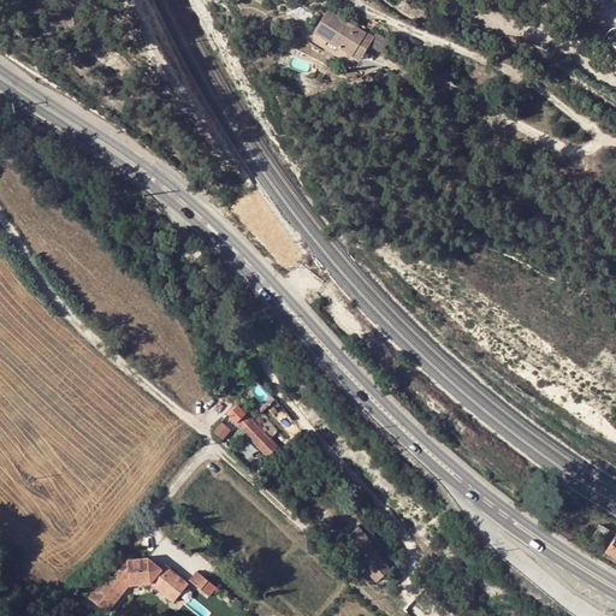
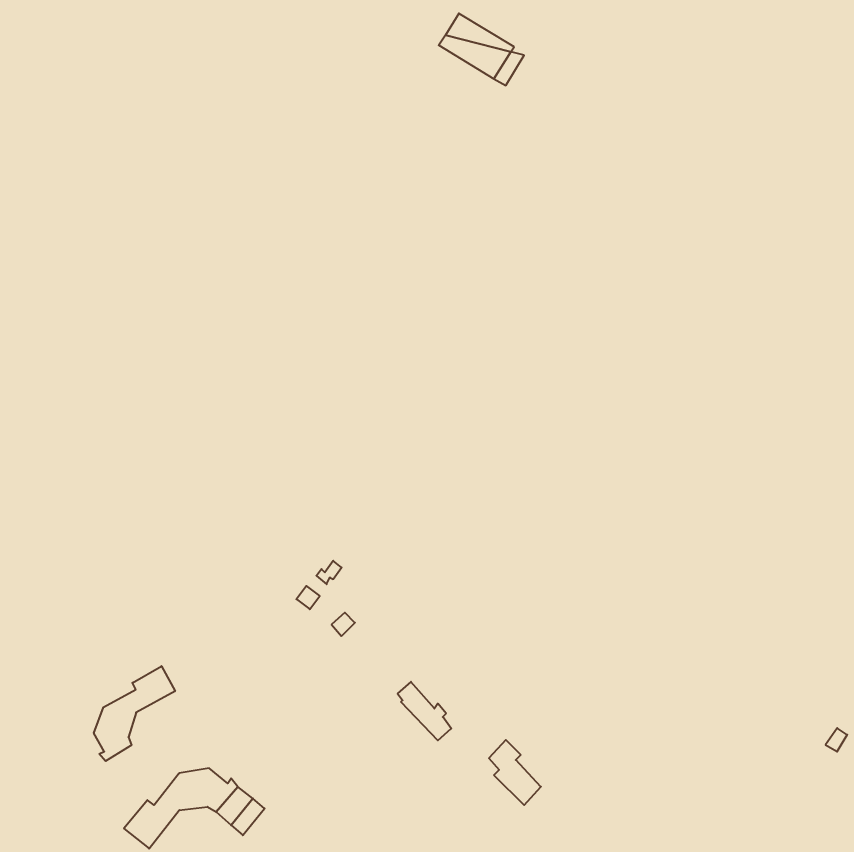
building: [238,416,277,458] -> [398,682,451,740]
building: none -> [94,666,175,761]

